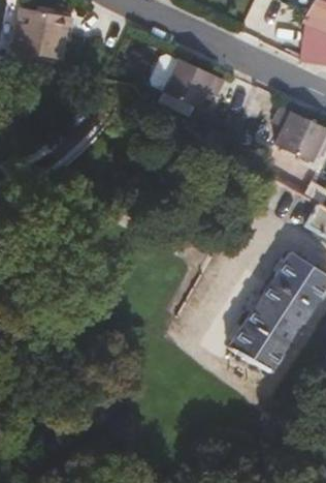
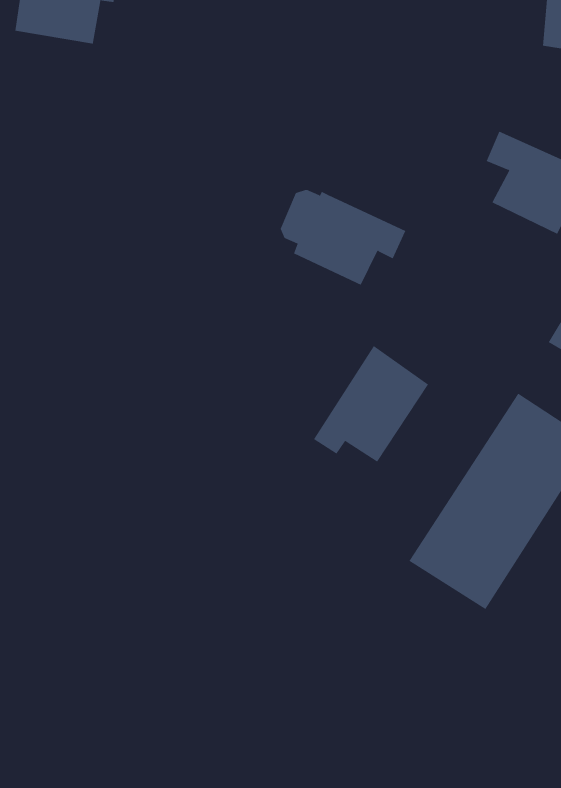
building: [156,58,225,111] -> [280,189,406,285]
building: none -> [313,345,429,462]

